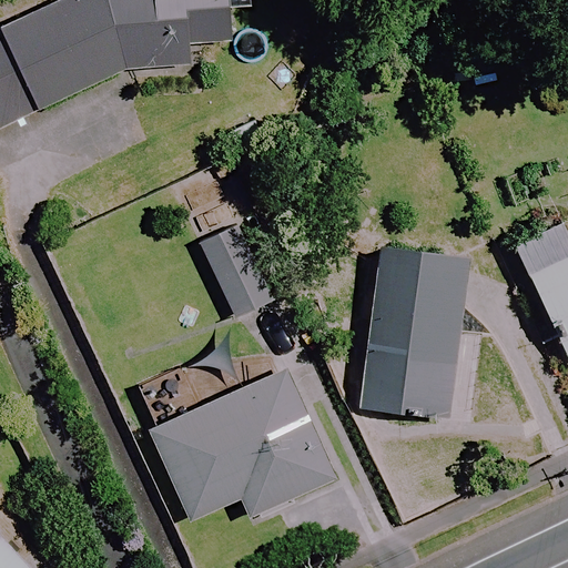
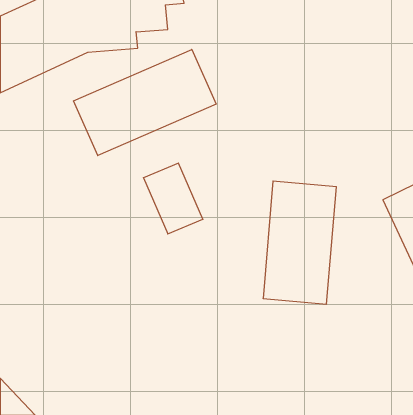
building: none -> [73,49,216,156]
building: [148,367,341,520] -> none

